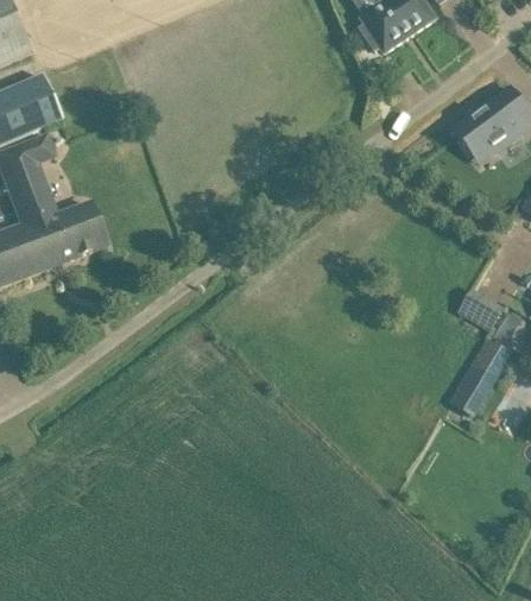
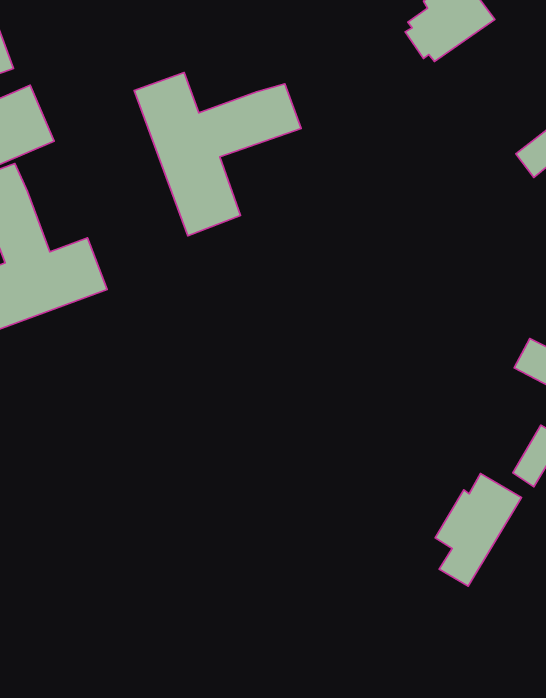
building: none -> [134,73,301,236]
building: none -> [435,474,521,586]

